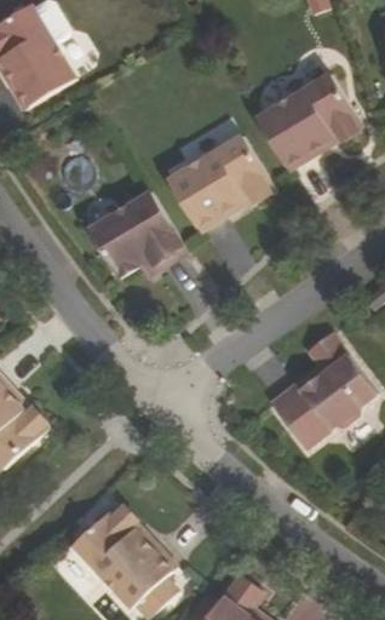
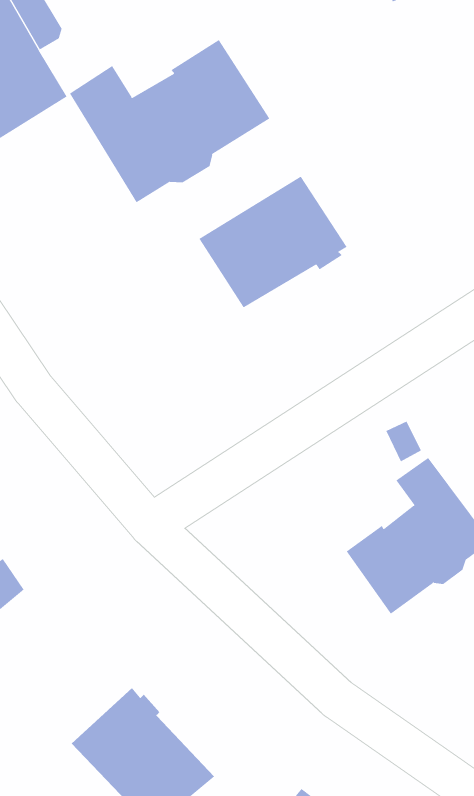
building: none -> [69,39,270,203]
building: [255,71,363,170] -> none
building: [87,186,186,277] -> none

